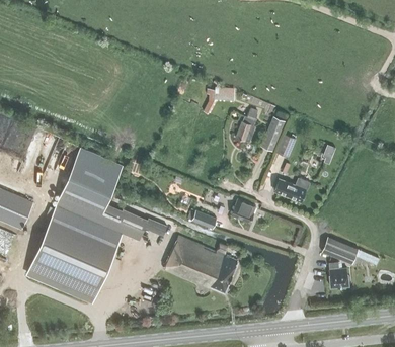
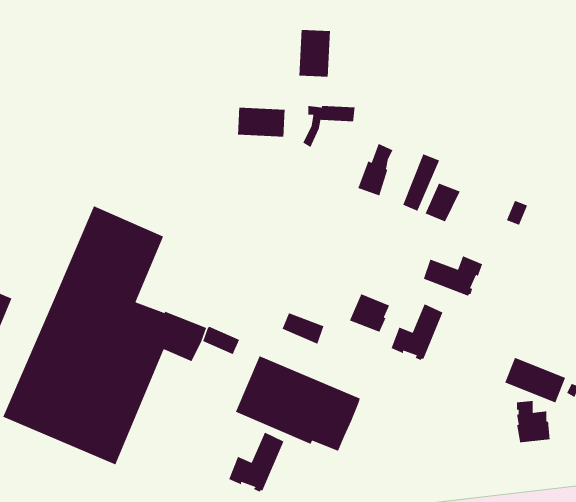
building: none -> [298,29,331,78]
building: none -> [237,107,286,137]
building: none -> [390,303,443,361]
building: none -> [228,431,284,493]

